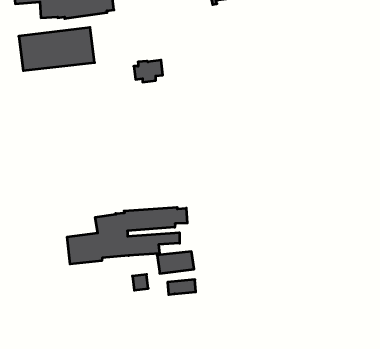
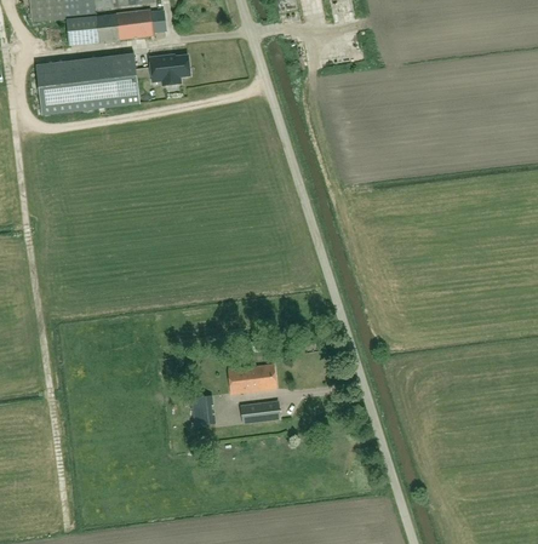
building: [134,60,163,82] -> [149,53,189,84]
building: [67,207,187,264] -> none

